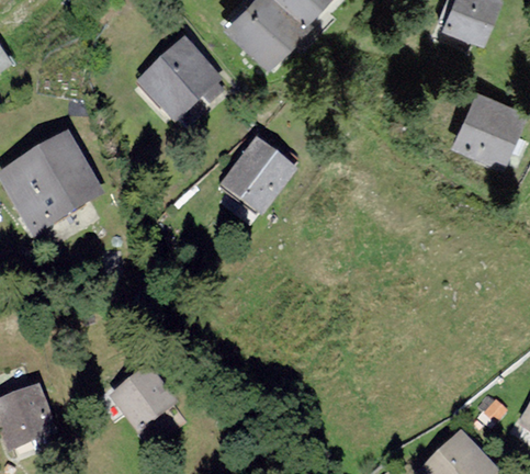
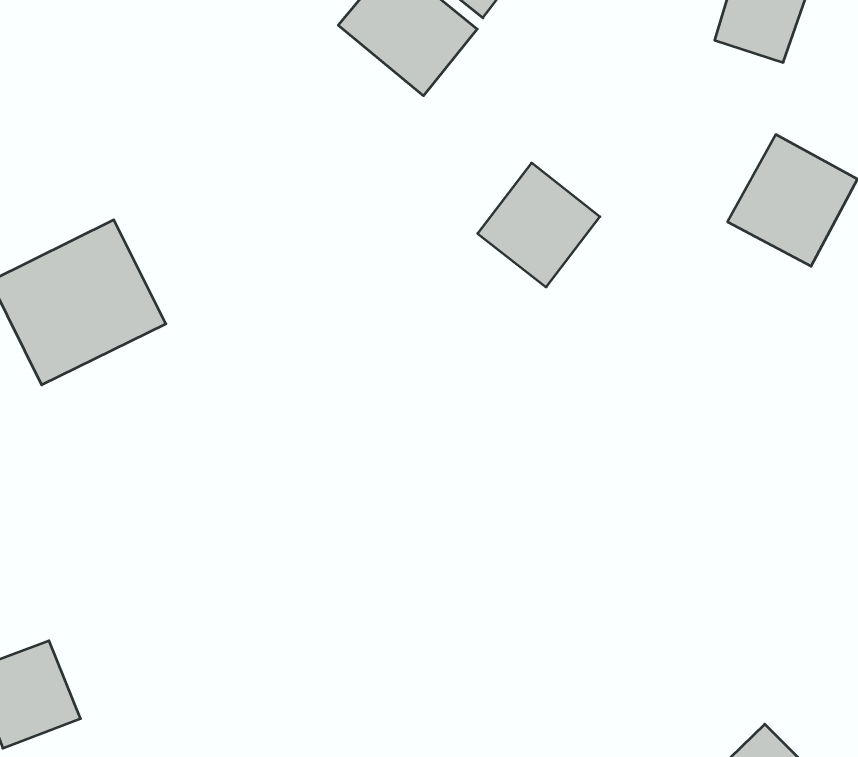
building: [132,41,212,121] -> none
building: [212,144,284,217] -> [478,163,600,287]
building: [117,371,179,430] -> none

